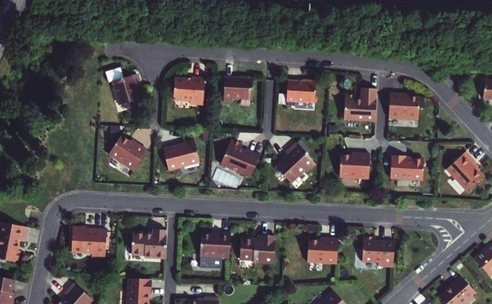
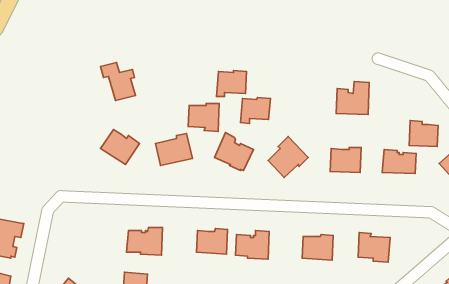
building: [172,75,203,103] -> [188,103,219,131]
building: [286,79,316,105] -> [241,98,271,124]
building: [387,91,416,117] -> [409,120,438,146]
building: [69,226,109,257] -> none

